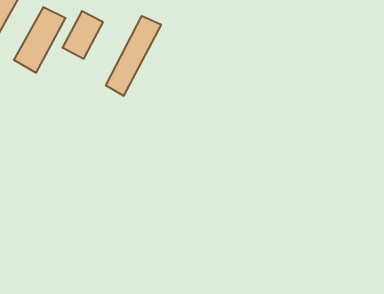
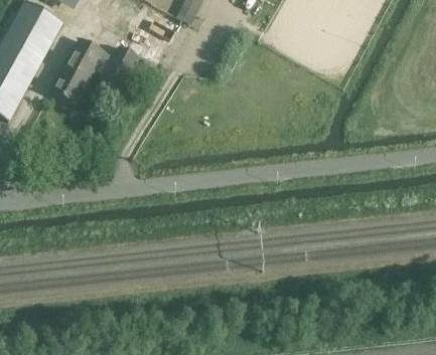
building: [106,16,161,96] -> none

